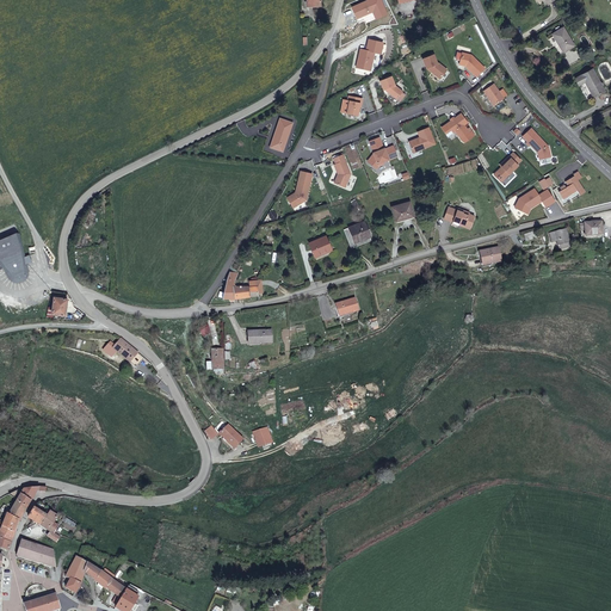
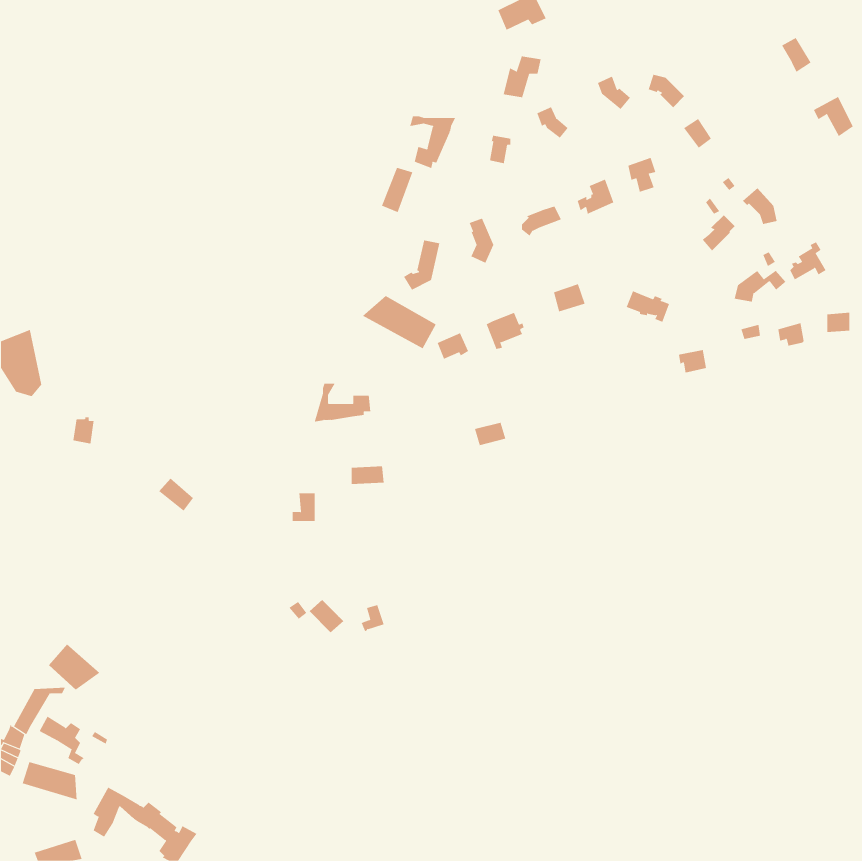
building: none -> [410,116,456,169]
building: none -> [362,295,436,349]
building: none -> [48,644,100,691]

